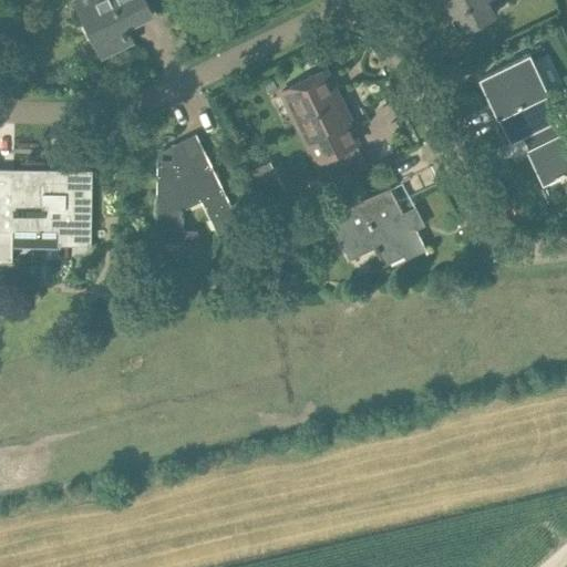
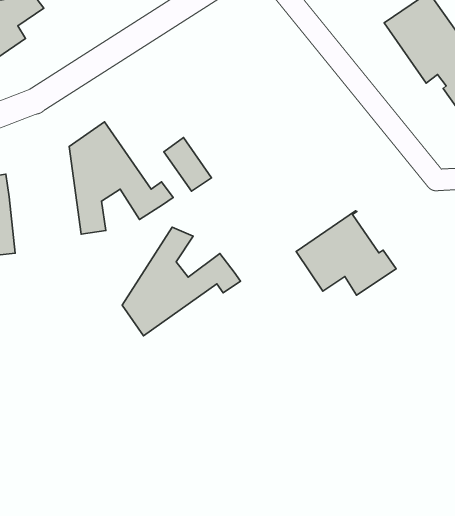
building: [289,71,357,164] -> none
building: [331,185,425,267] -> [296,211,396,295]
building: none -> [122,227,240,336]

